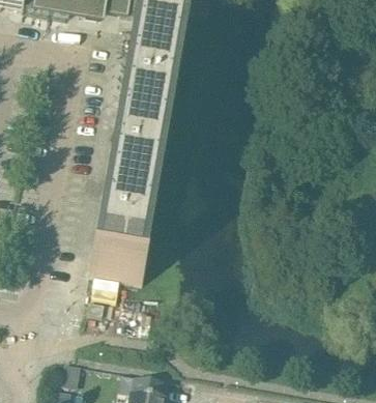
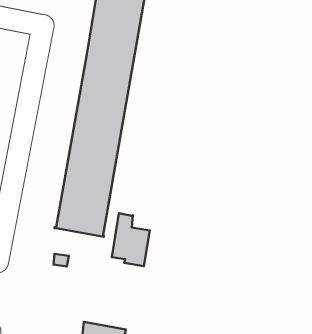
building: none -> [112,213,150,266]

